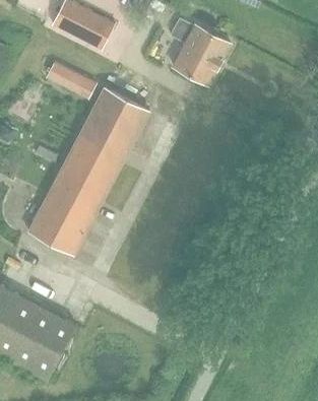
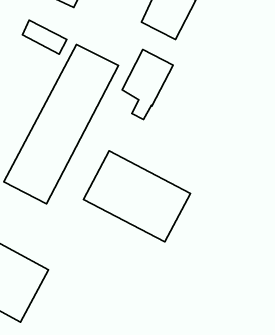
building: none -> [122,50,173,120]
building: none -> [83,151,191,242]

